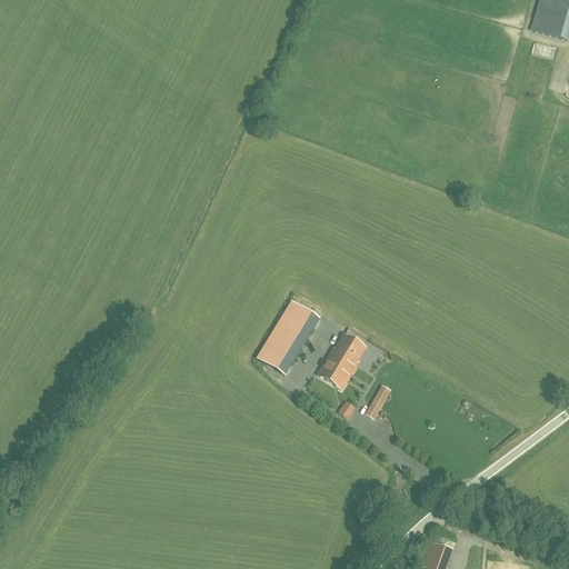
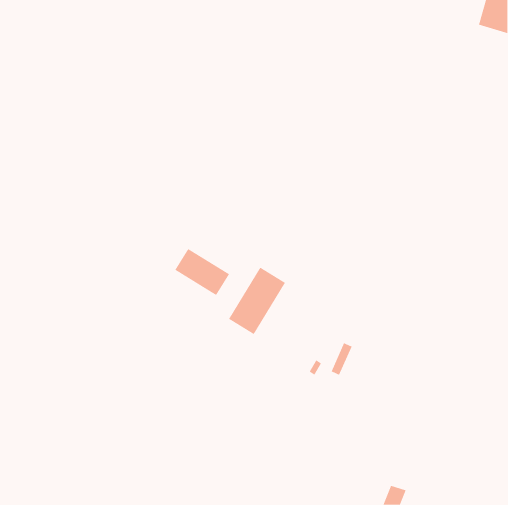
building: none -> [175,248,230,296]
building: [317,332,365,388] -> none

